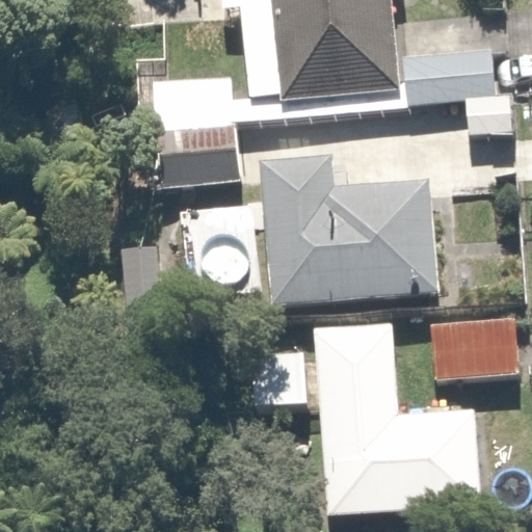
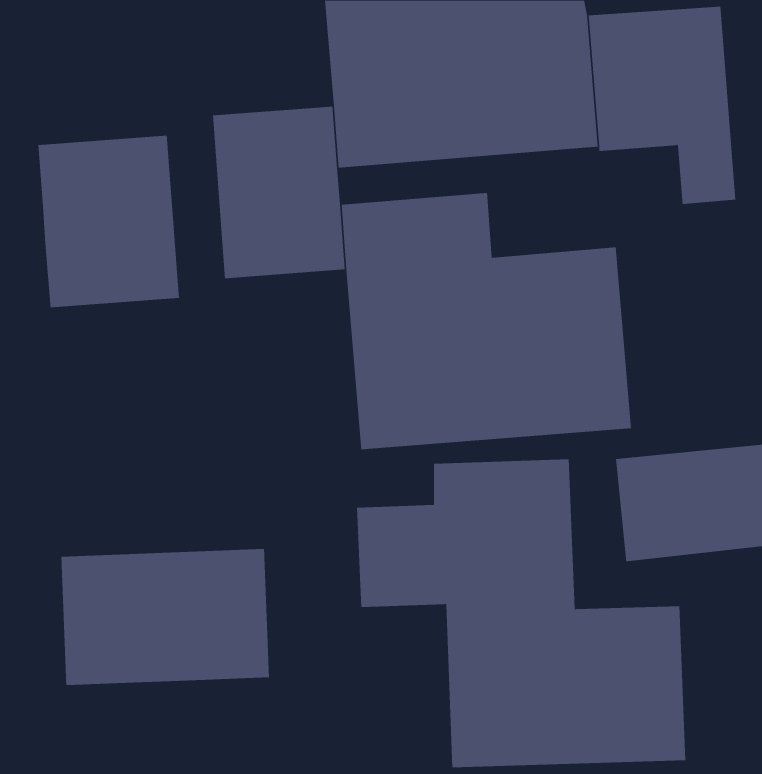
building: none -> [38,135,180,308]
building: none -> [61,548,270,686]

